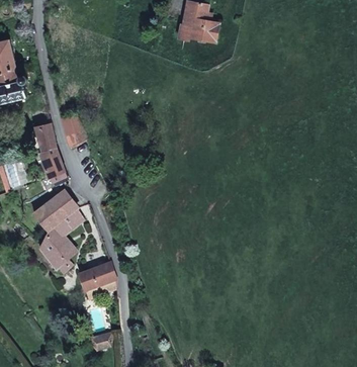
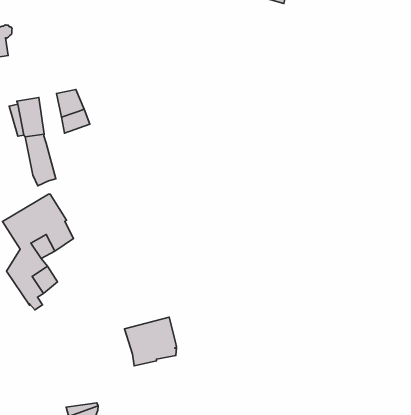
building: [79,262,116,298] -> [125,317,176,366]

